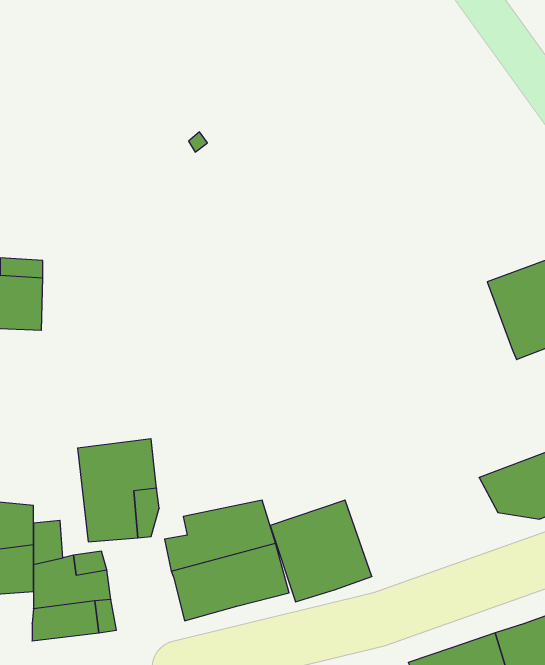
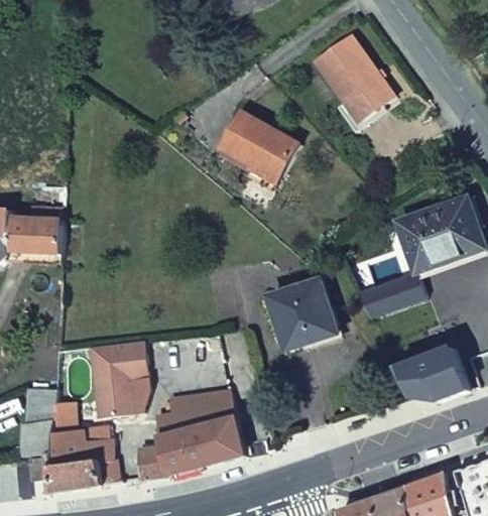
building: none -> [312,32,397,130]
building: none -> [211,108,299,192]
building: none -> [358,273,426,318]
building: [270,500,372,602] -> [264,275,341,352]
building: none -> [133,444,168,482]

